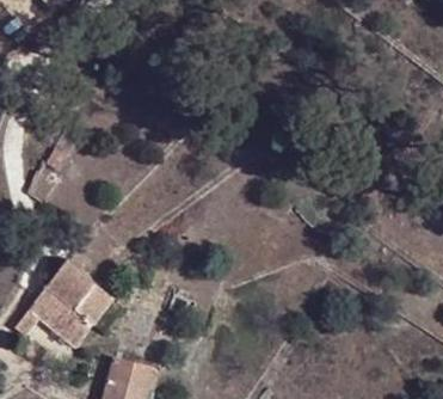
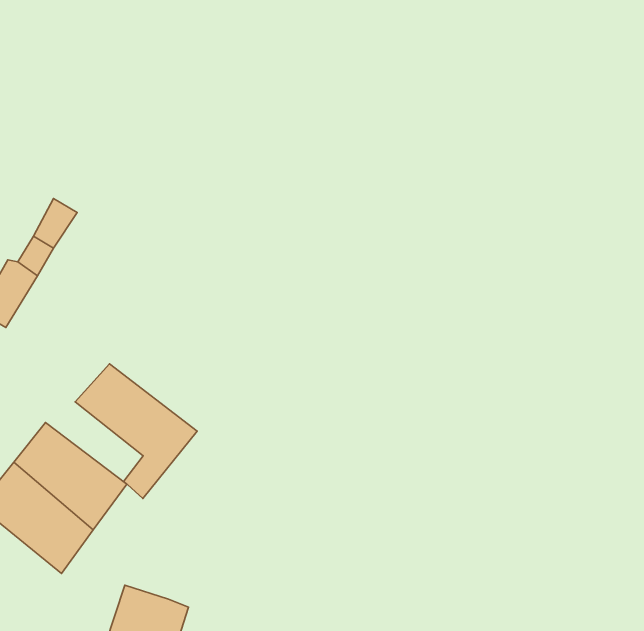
building: none -> [75,364,197,499]

